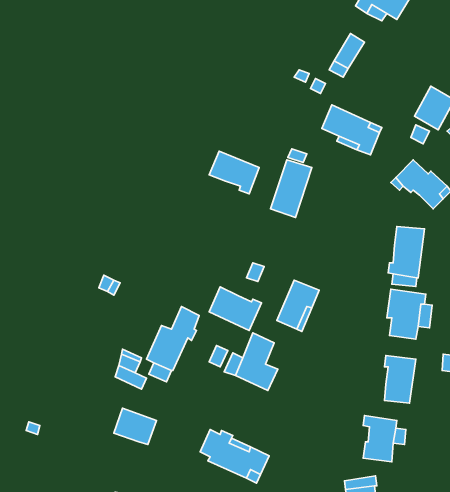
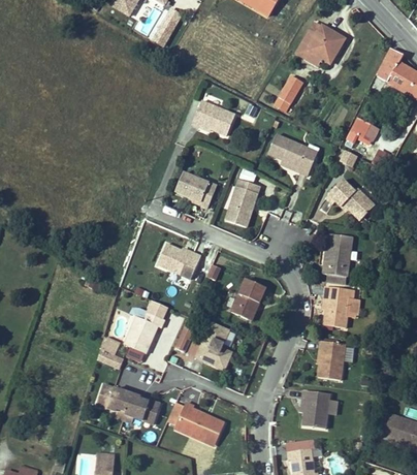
building: none -> [192,101,235,135]
building: [209,287,262,331] -> [158,243,201,279]
building: none -> [125,394,161,424]

